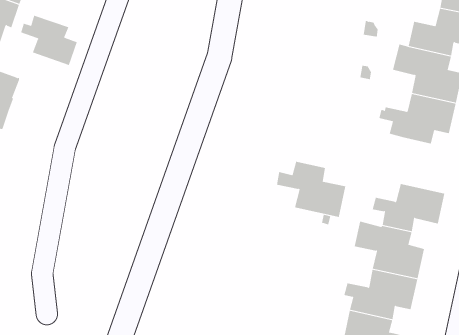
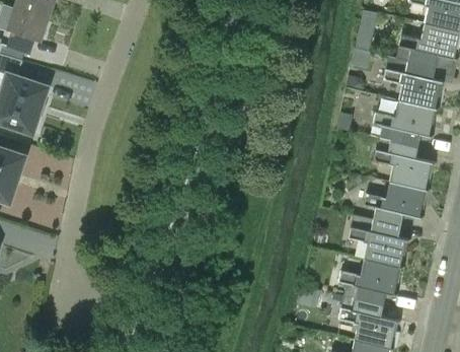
building: [20,15,78,66] -> none
building: [276,161,346,218] -> [372,140,435,191]

